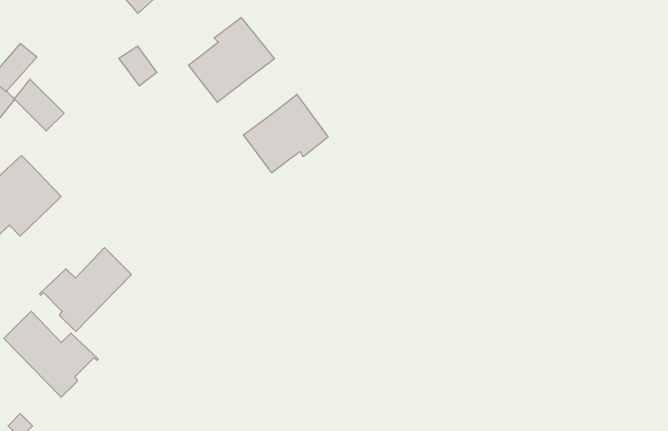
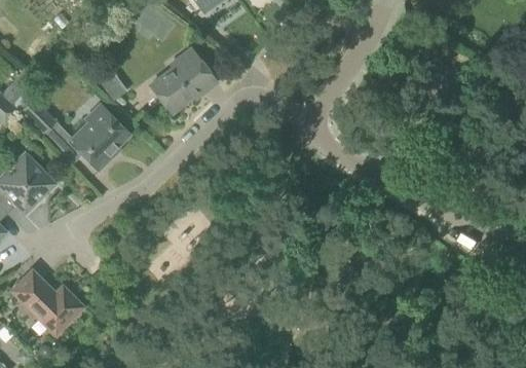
building: [244,94,328,173] -> none
building: none -> [70,107,130,171]
building: [39,248,131,331] -> none

